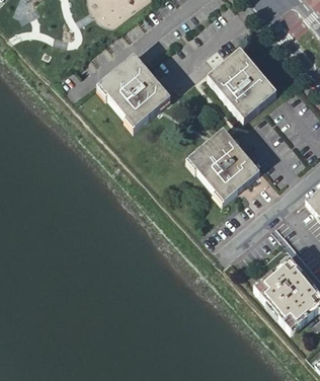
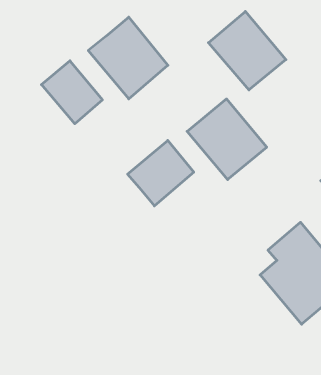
building: none -> [41,61,102,124]
building: none -> [128,140,194,206]

